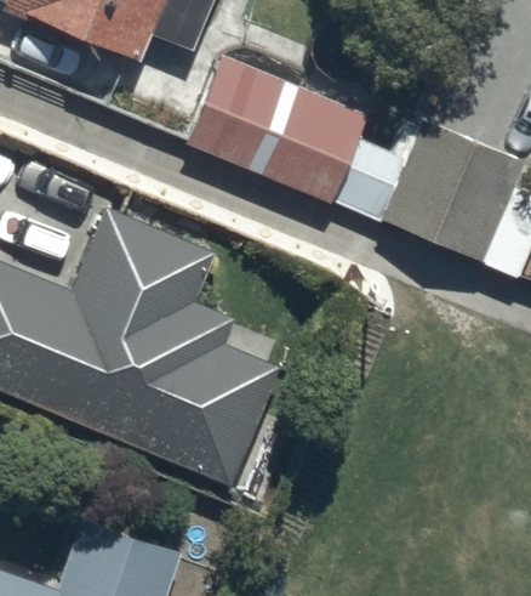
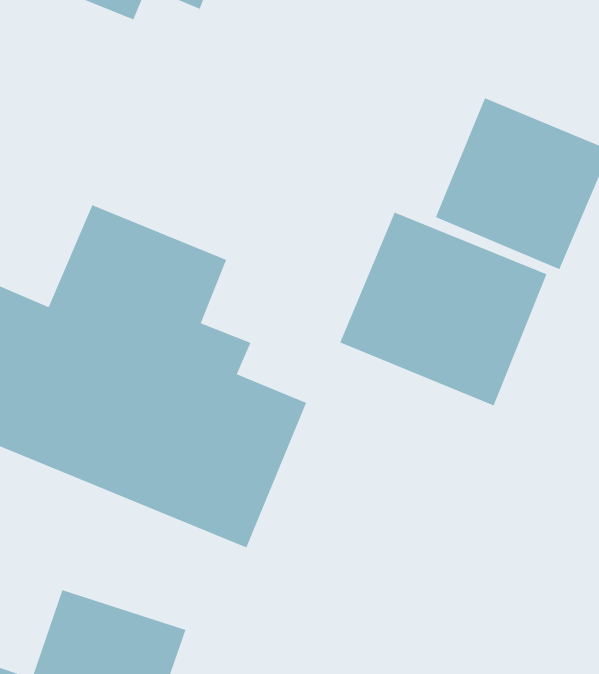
building: [187,56,366,201] -> none
building: none -> [339,211,547,407]

